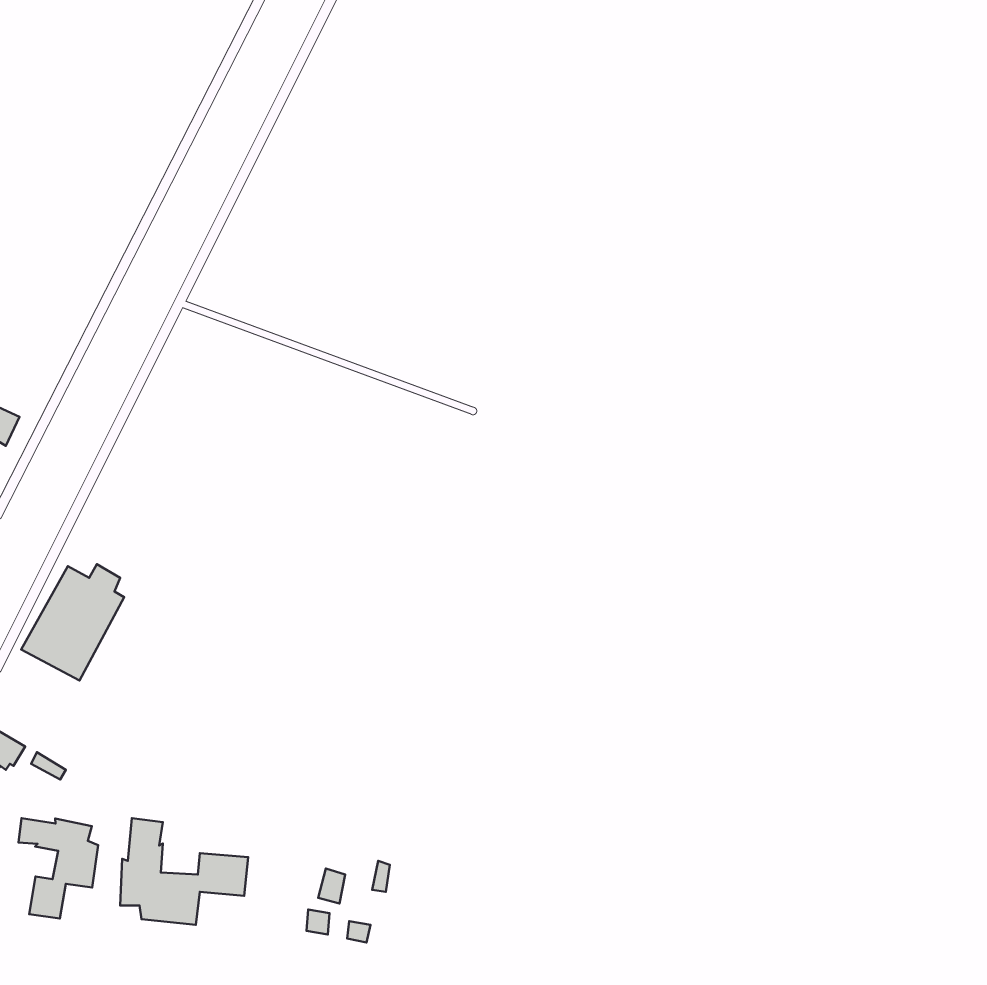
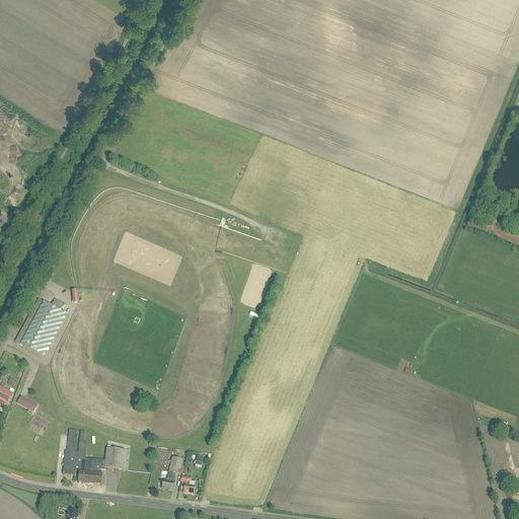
building: [19,818,98,919] -> none

